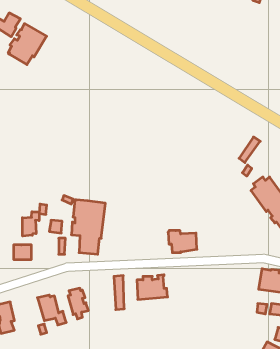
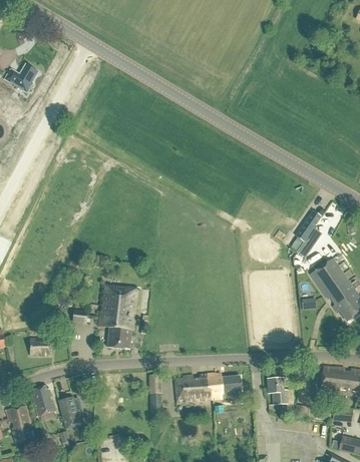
building: [8,24,47,65] -> none
building: [22,212,39,236] -> none
building: [168,231,197,253] -> [207,373,241,399]
building: none -> [267,377,287,404]
building: [68,288,88,319] -> [31,385,55,421]

